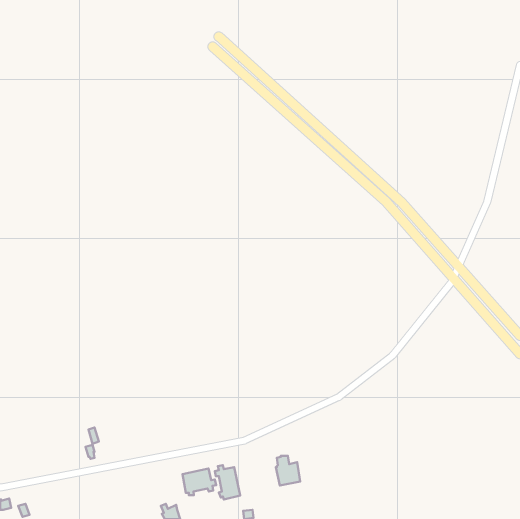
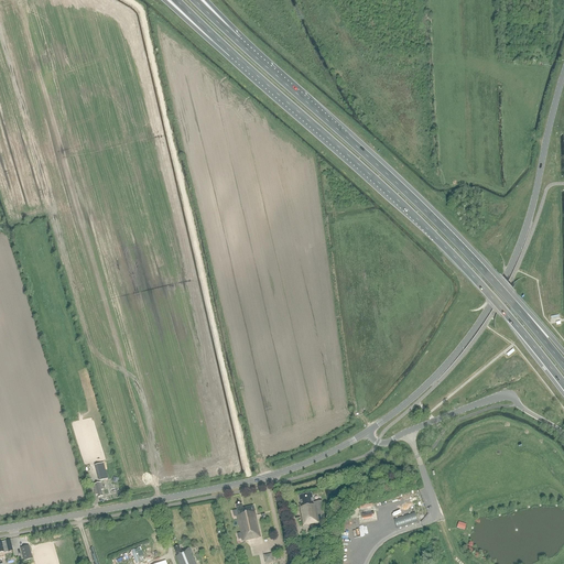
building: [182,469,216,495] -> none

